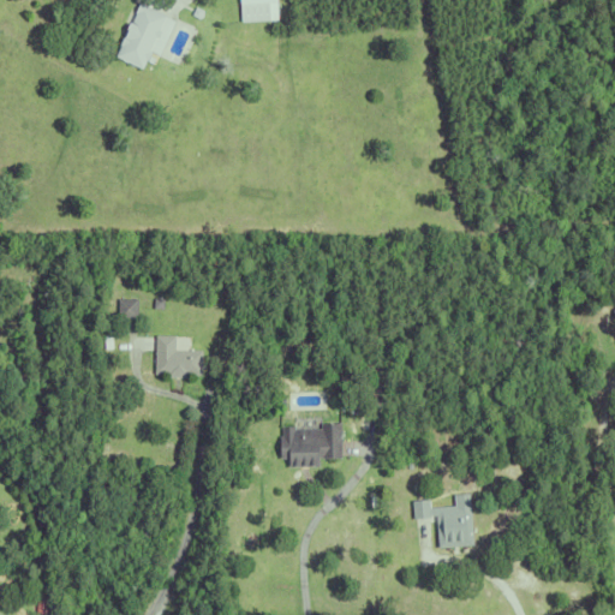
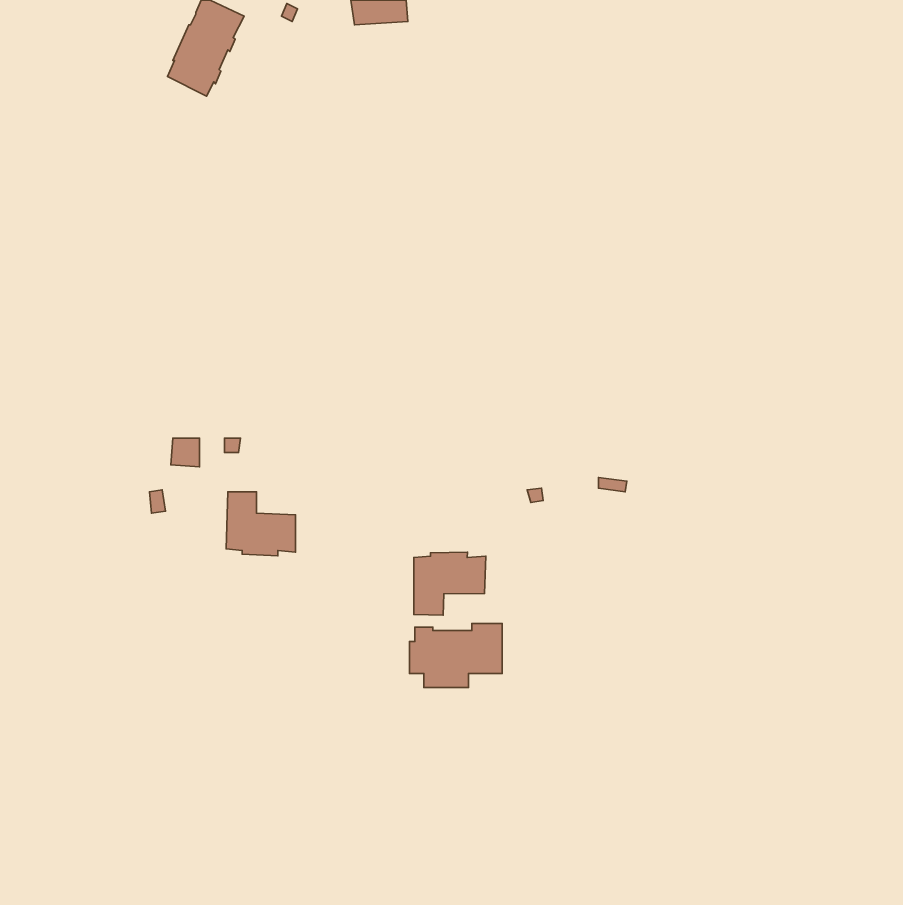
building: none -> [414,552,486,615]
building: [413,494,476,547] -> none

